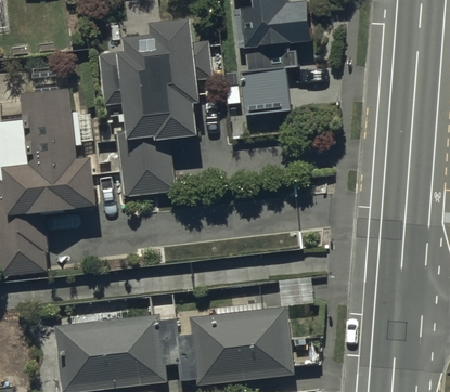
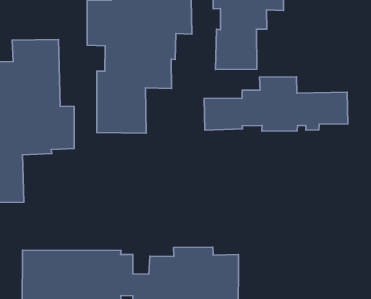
building: none -> [204,77,348,131]

